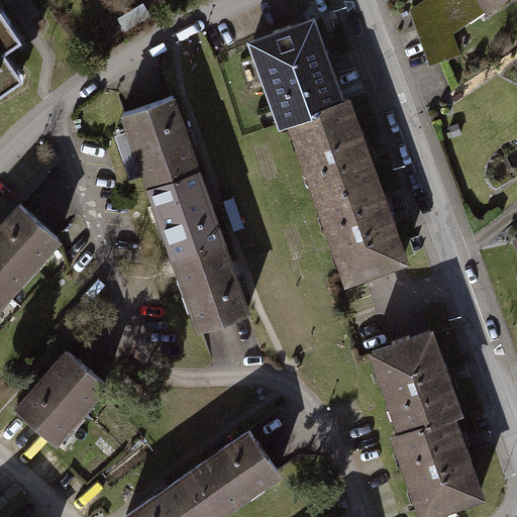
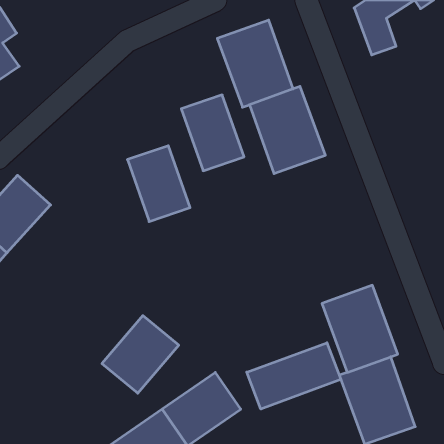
building: [122,99,195,187] -> [181,95,244,171]
building: [317,182,405,283] -> none
building: [173,242,245,330] -> none
building: [18,351,107,441] -> [102,316,179,393]
building: none -> [247,343,341,409]

